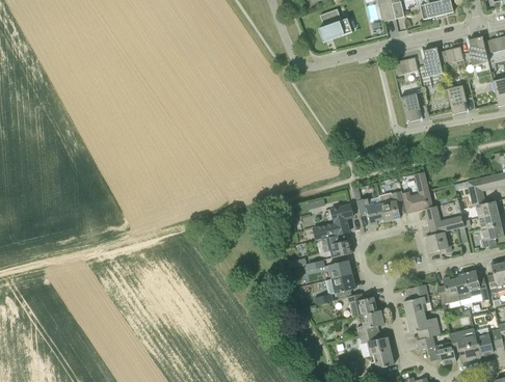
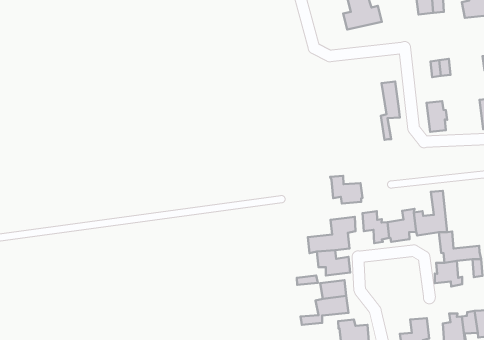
building: [423,47,443,76] -> none
building: none -> [381,82,400,140]
building: none -> [330,176,362,204]

